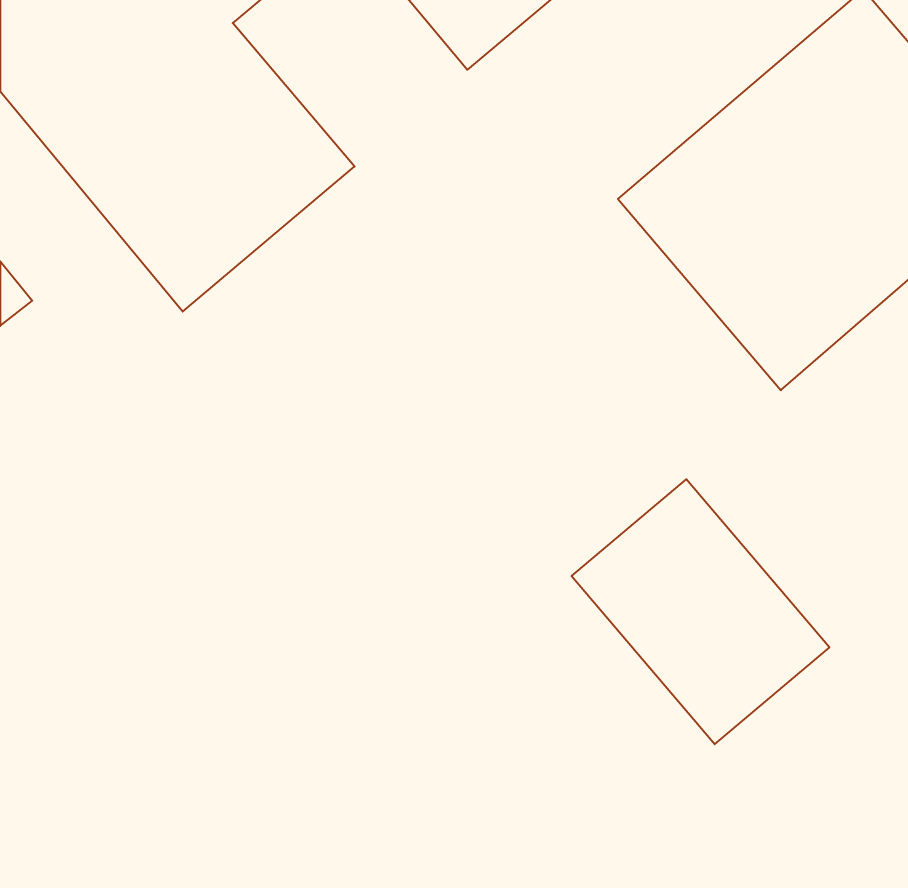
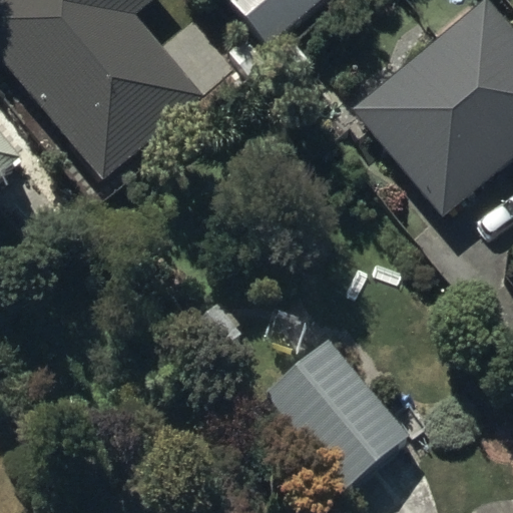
building: [572,479,829,744] -> [265,339,409,487]

